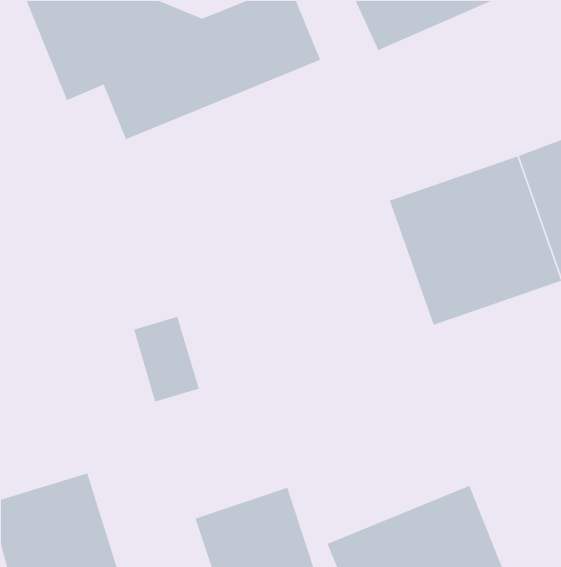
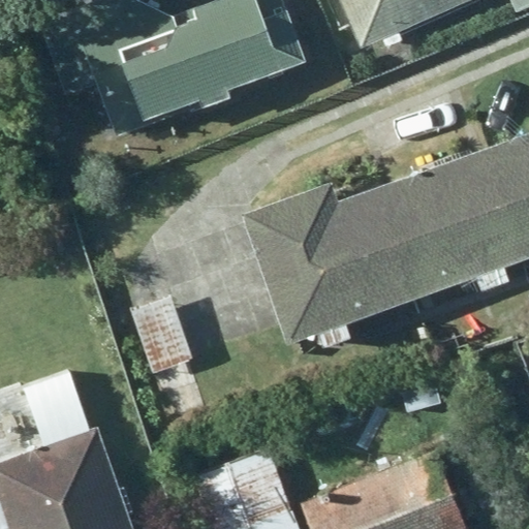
building: none -> [248,187,409,346]

